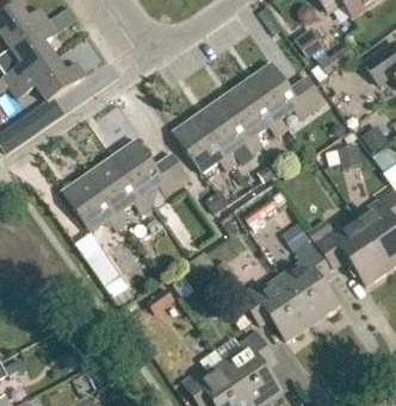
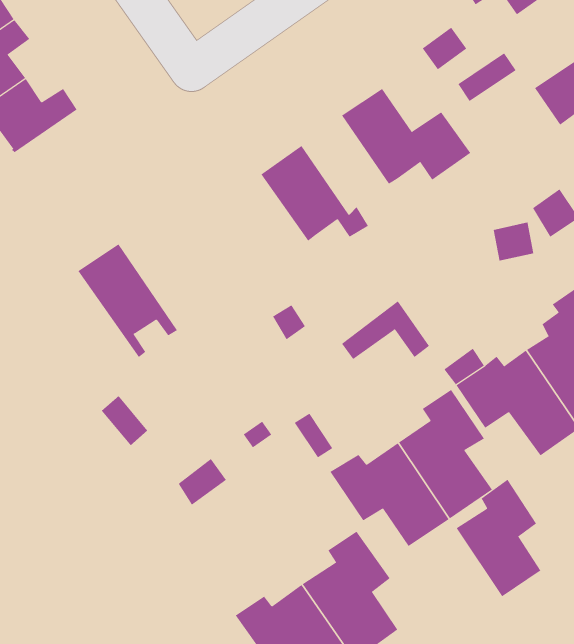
building: [222,77,287,137] -> none
building: [172,113,239,171] -> none
building: [111,137,190,207] -> none
building: [61,171,123,231] -> none
building: none -> [456,479,541,597]

